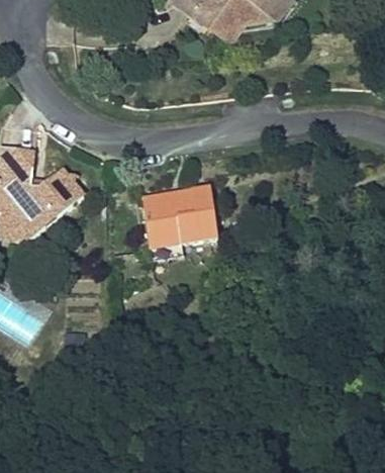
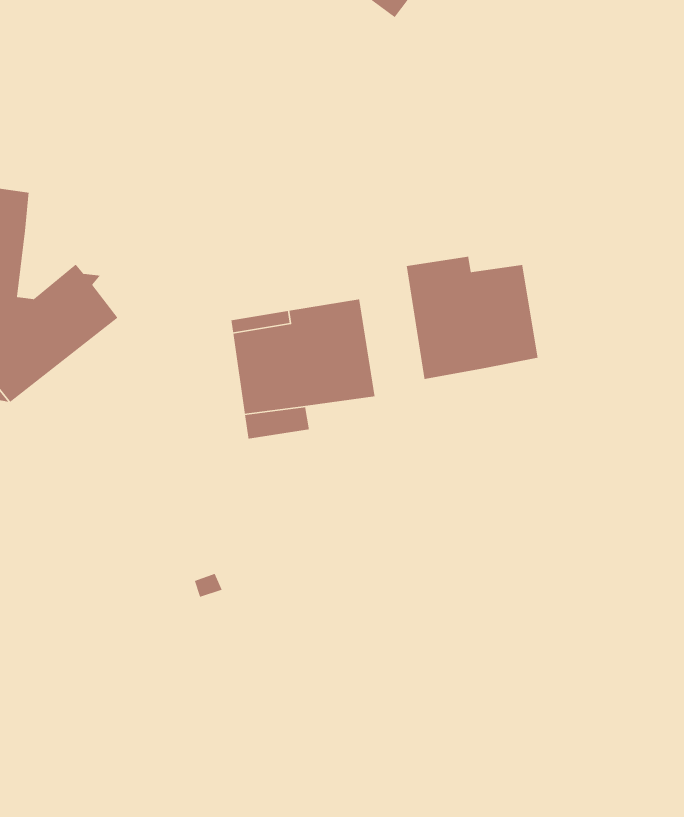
building: none -> [406,256,538,380]

